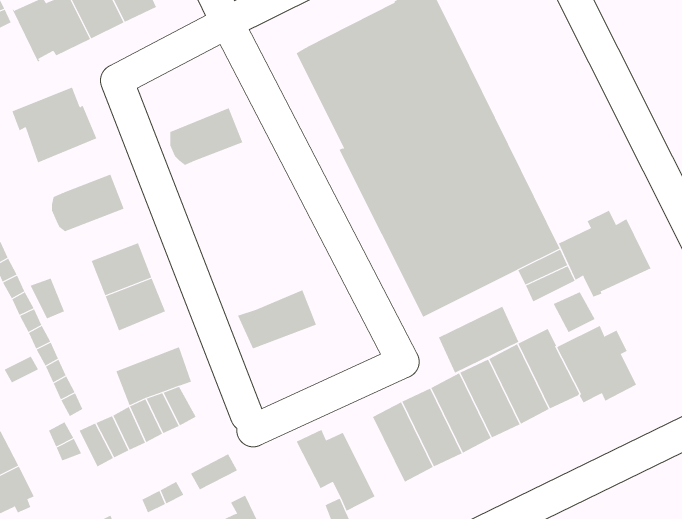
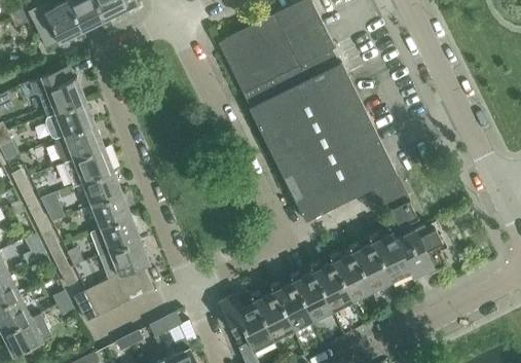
building: [170,107,243,165] -> [45,100,95,139]
building: none -> [64,147,113,186]
building: [558,210,652,297] -> none
building: [237,290,317,349] -> [87,216,141,256]
building: [438,306,519,374] -> none
building: none -> [251,287,292,340]

